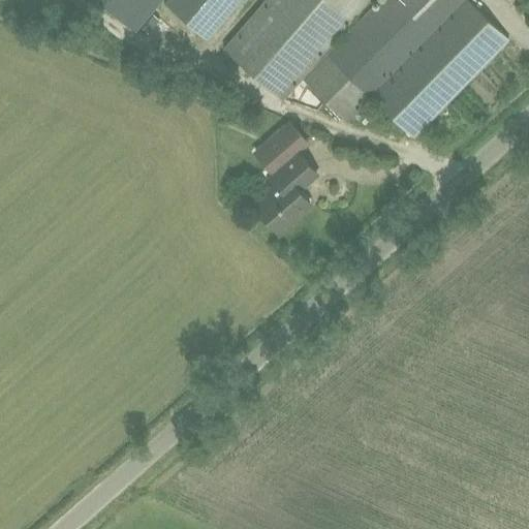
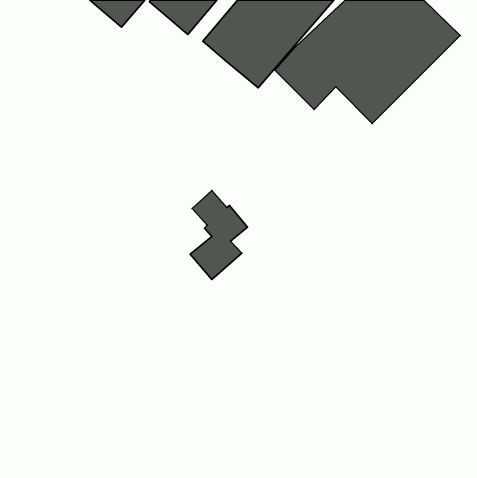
building: [254,133,317,231] -> [190,191,247,280]

